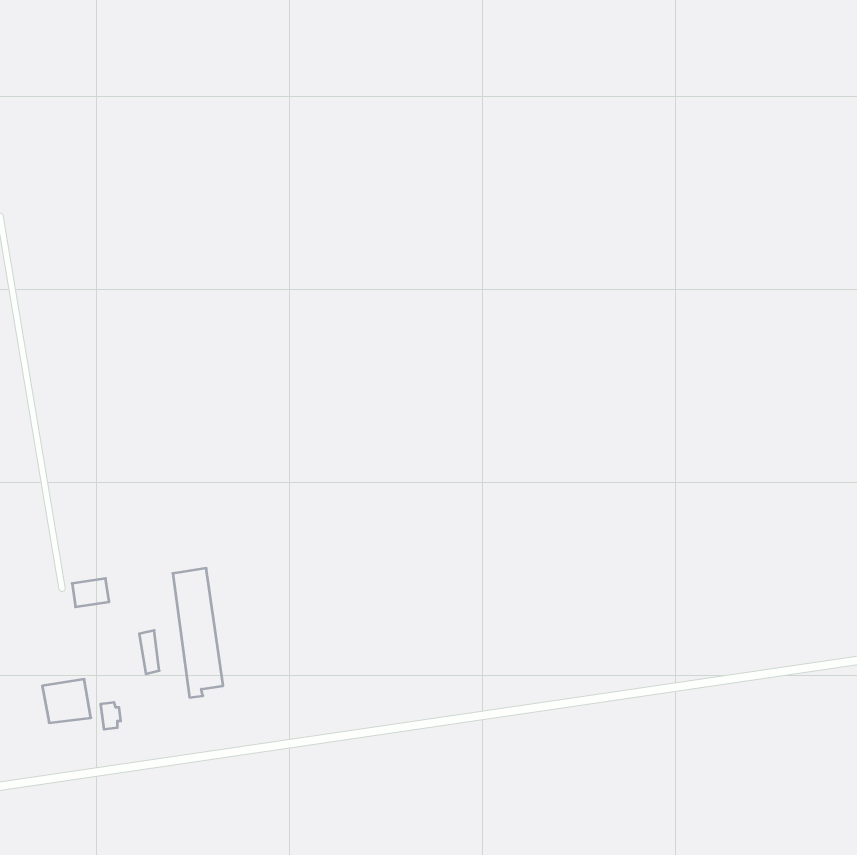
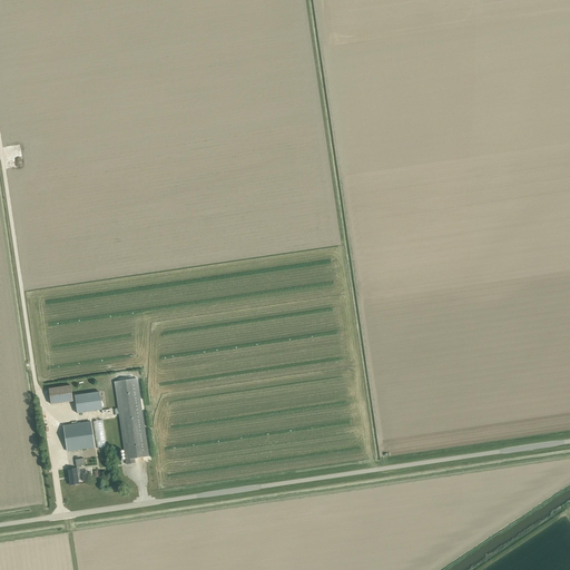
building: none -> [73,391,101,412]
building: [42,679,91,723] -> [62,421,95,450]

